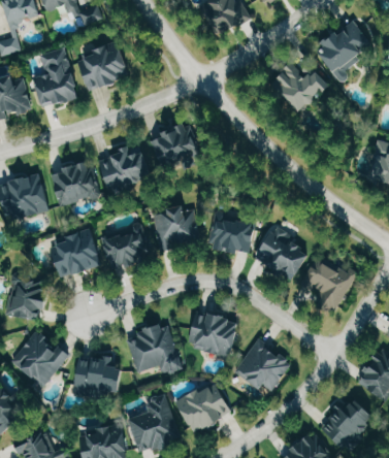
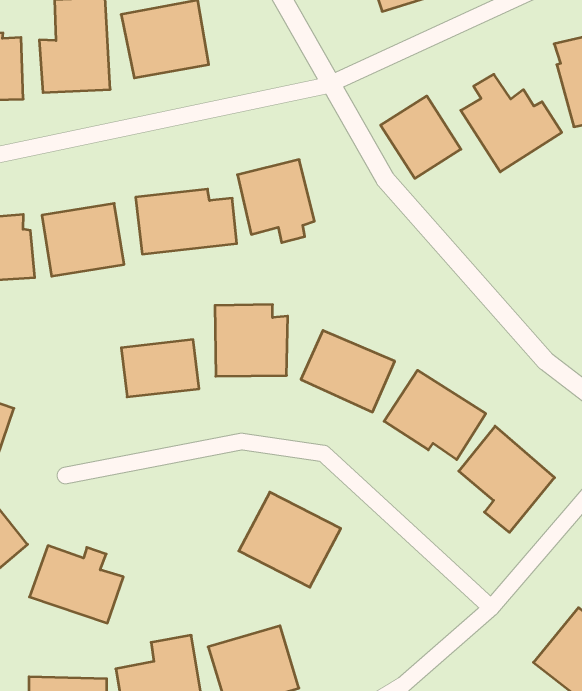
building: none -> [381,96,461,178]
building: [50,232,101,276] -> none
building: [124,324,182,374] -> none
building: [235,339,291,394] -> none

